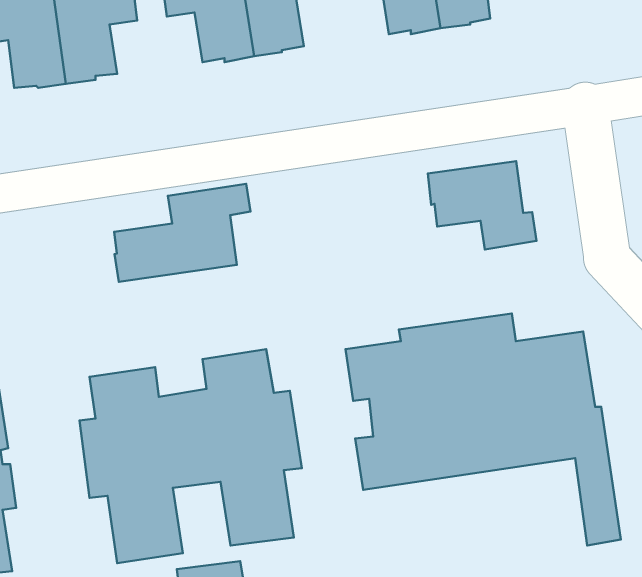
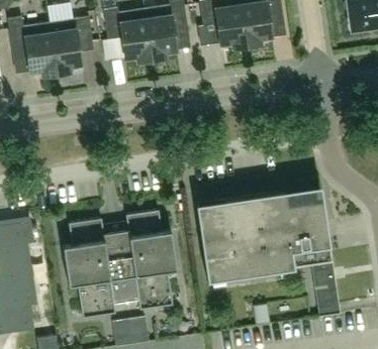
building: [428,161,536,249] -> none
building: [114,184,251,282] -> none

